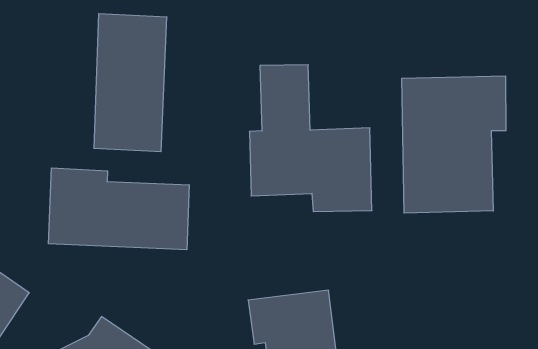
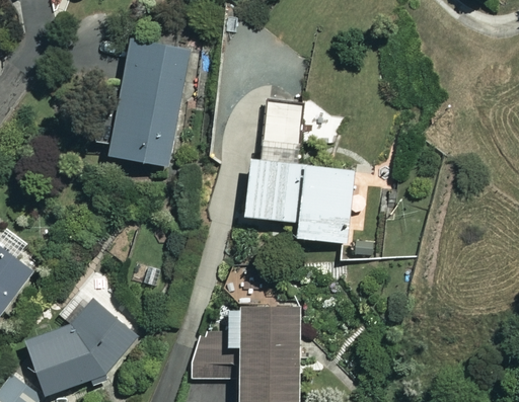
building: [402,76,506,213] -> none
building: [49,168,189,250] -> none

